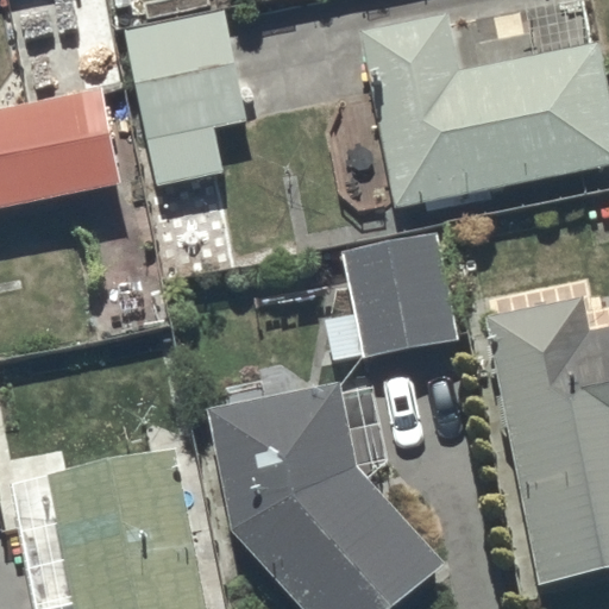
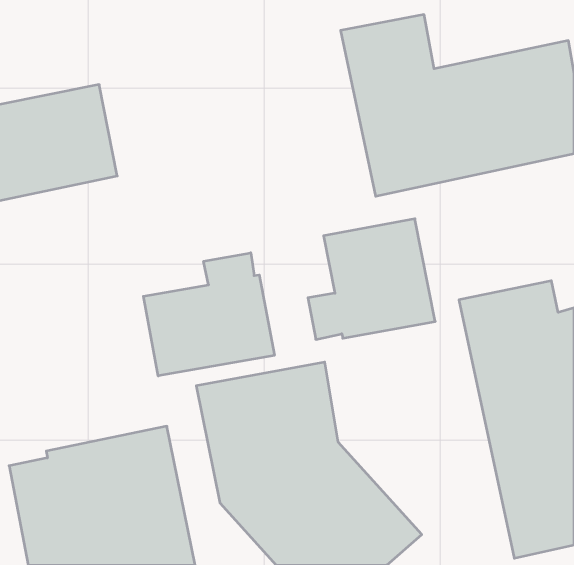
building: [127,8,247,182] -> none
building: none -> [143,253,274,376]

